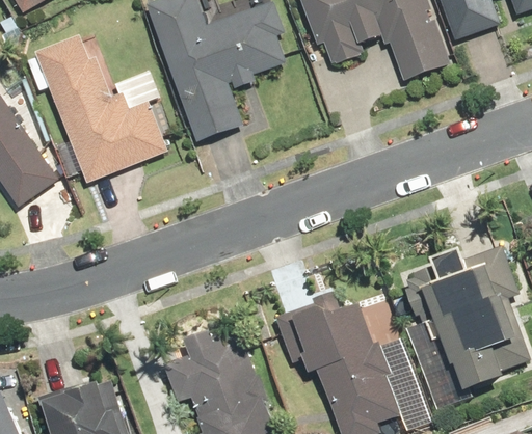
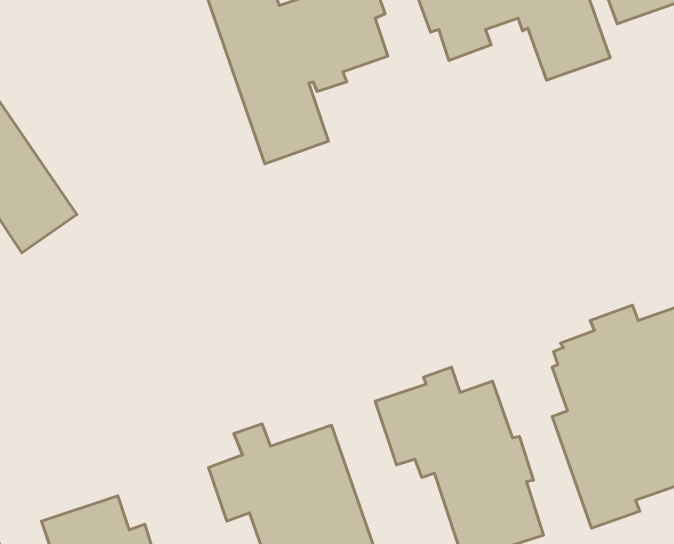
building: [28,33,168,182] -> none

